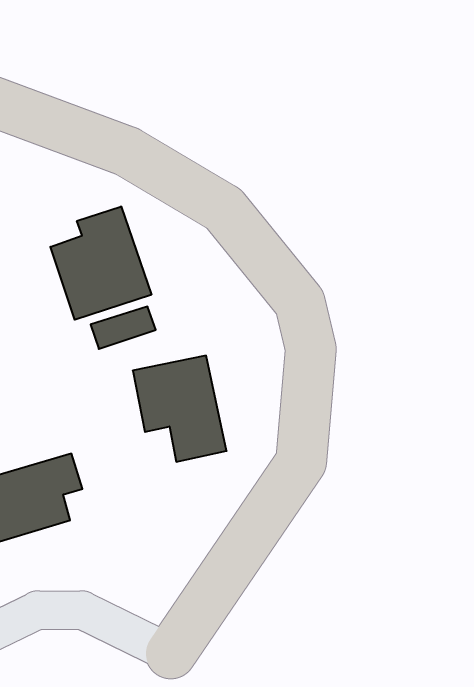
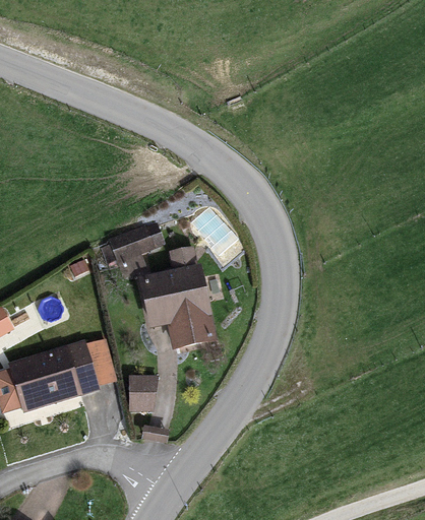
building: [50,206,151,320] -> none
building: none -> [129,376,155,410]

